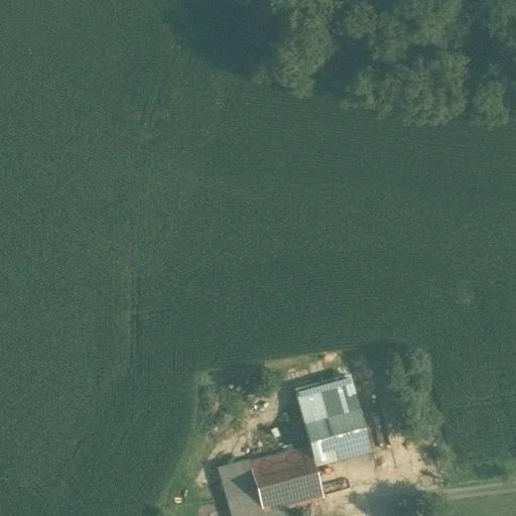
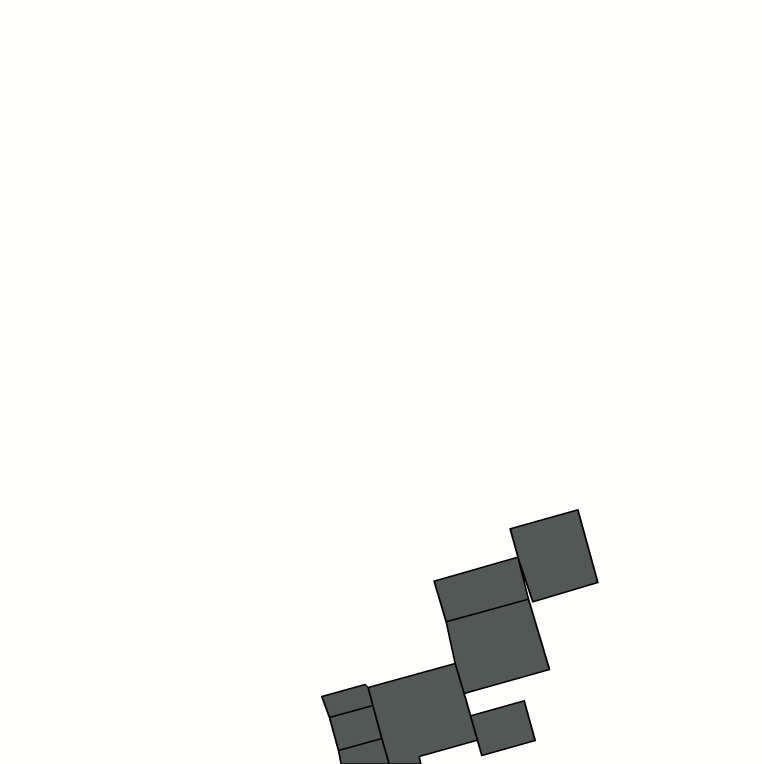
building: none -> [510,510,598,602]
building: none -> [471,701,535,755]

